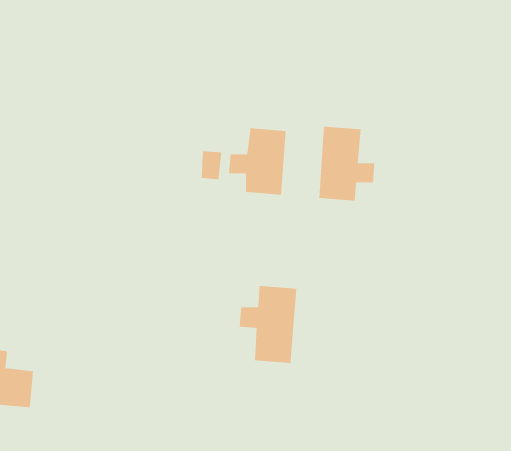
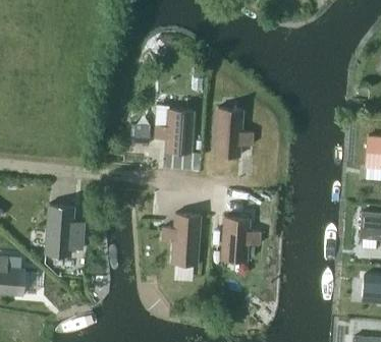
building: none -> [46,205,85,256]
building: none -> [222,217,260,262]

